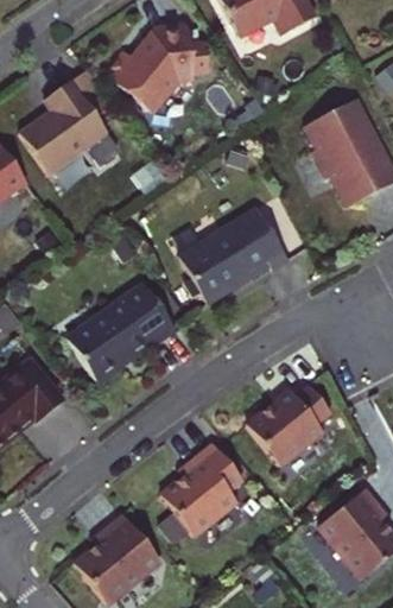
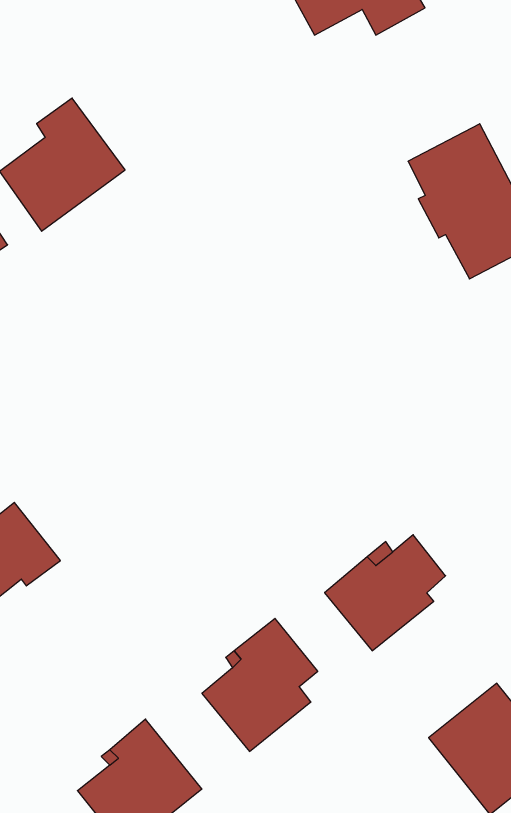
building: [104,24,204,109] -> none
building: [182,208,292,305] -> none
building: [68,283,177,382] -> none

